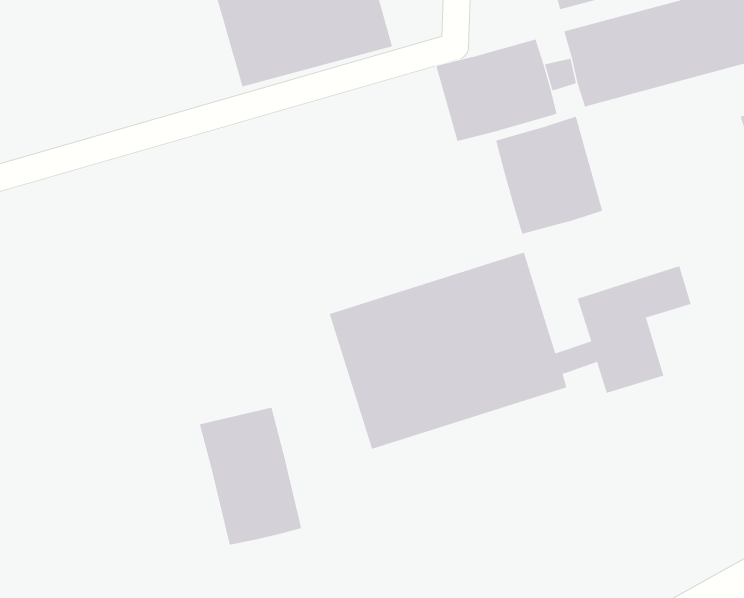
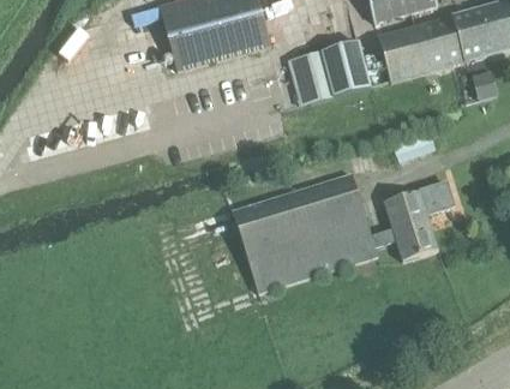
building: [495,116,603,235] -> none
building: [199,407,302,546] -> none

